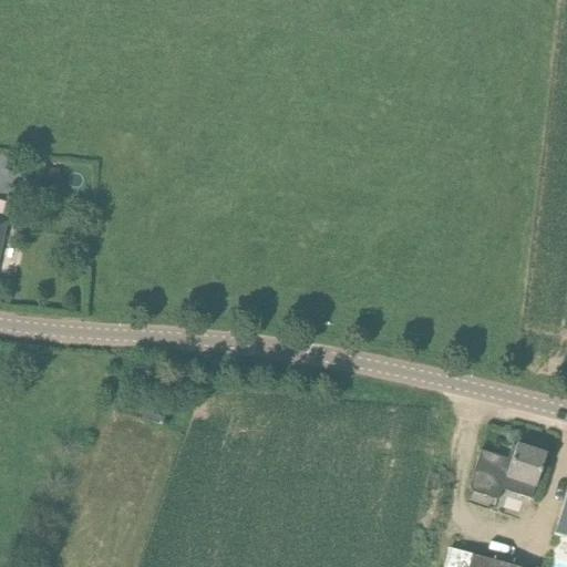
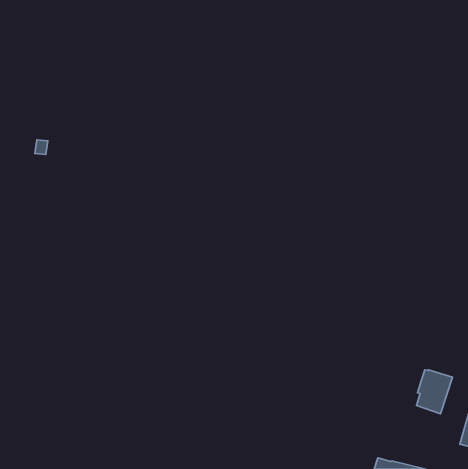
building: [472,450,509,499] -> none

